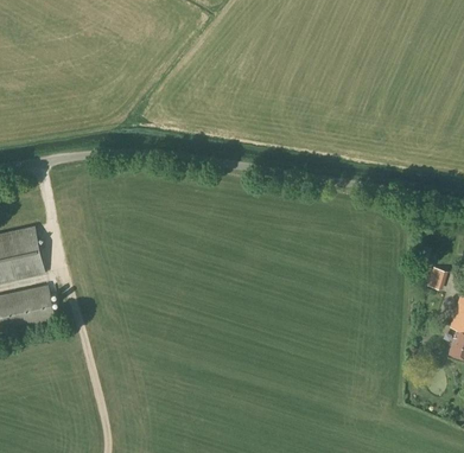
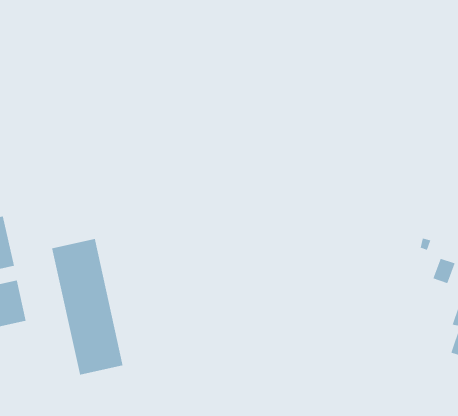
building: none -> [52,238,123,375]

